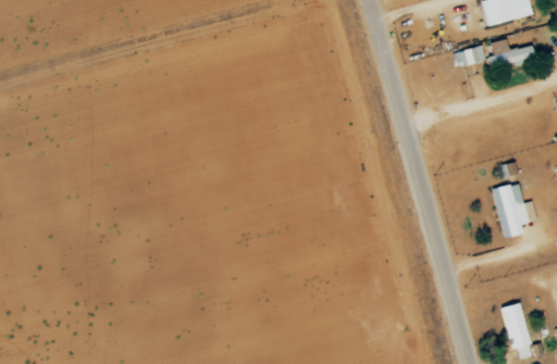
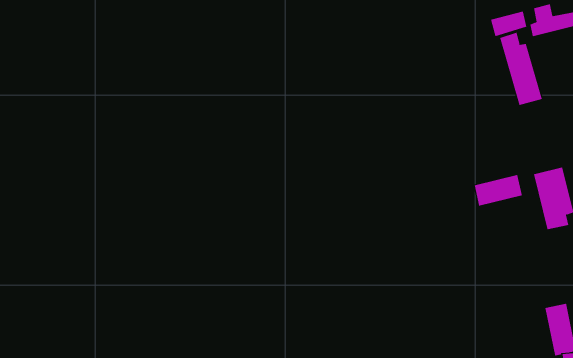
building: none -> [499,32,542,106]
building: none -> [474,174,523,207]

